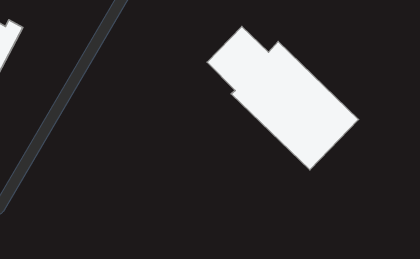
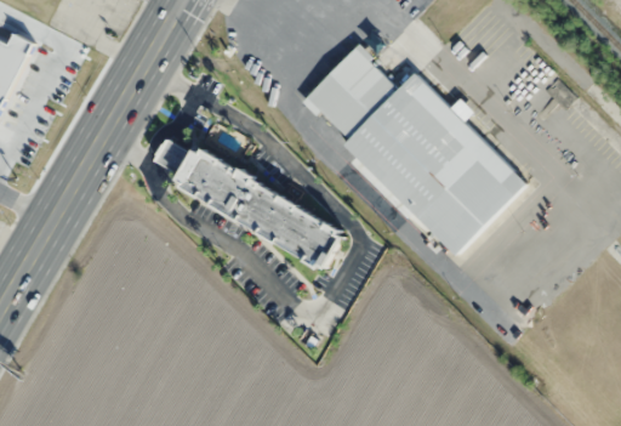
building: none -> [158,142,347,272]

